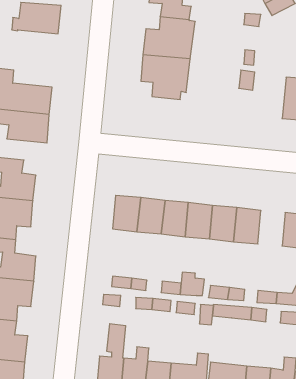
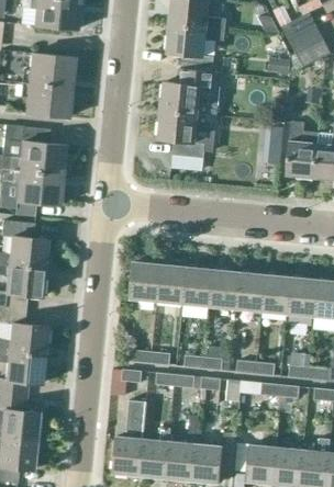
building: none -> [20,82,71,117]
building: none -> [288,122,320,179]
building: none -> [289,279,319,317]

